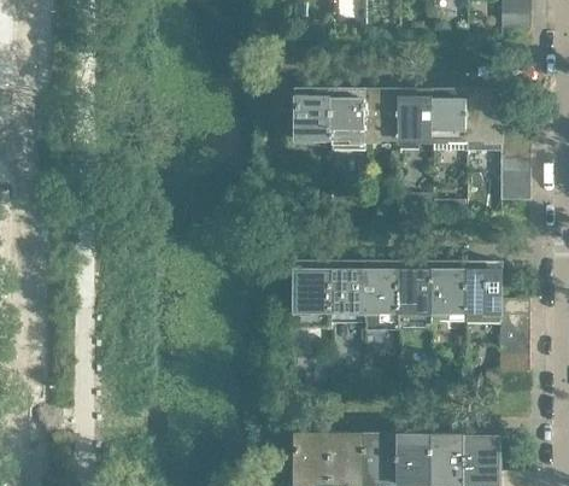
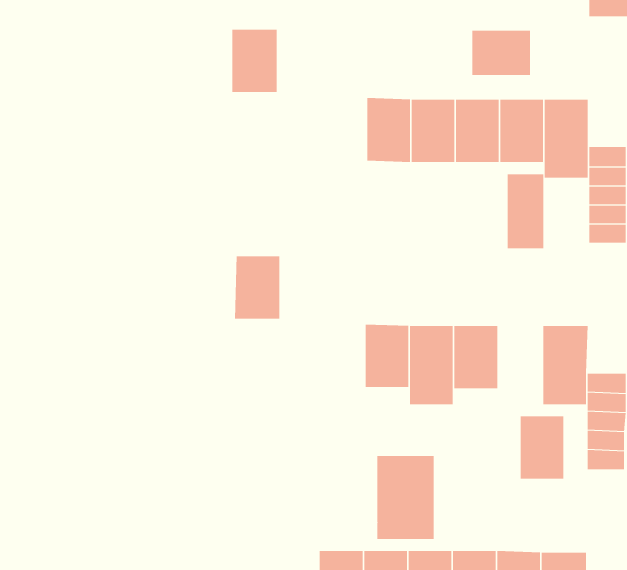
building: none -> [472,30,530,76]
building: [294,92,329,140] -> [231,29,277,93]
building: none -> [507,174,544,249]
building: [293,264,328,312] -> [234,256,280,319]
building: [429,265,463,314] -> [520,416,564,479]
building: none -> [377,455,434,540]

